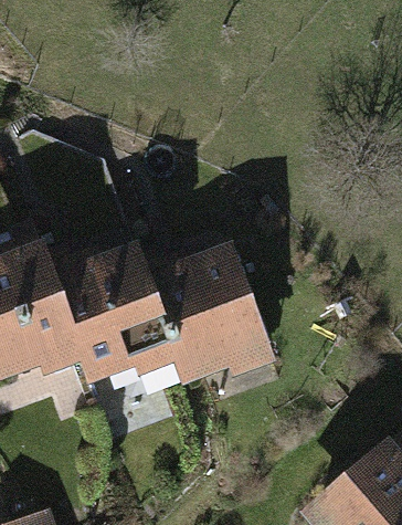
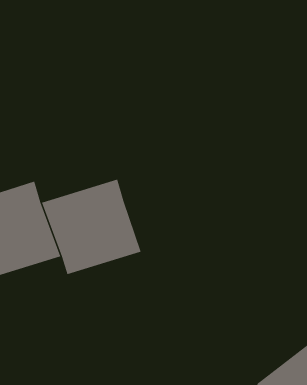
building: [174,260,284,382] -> none

